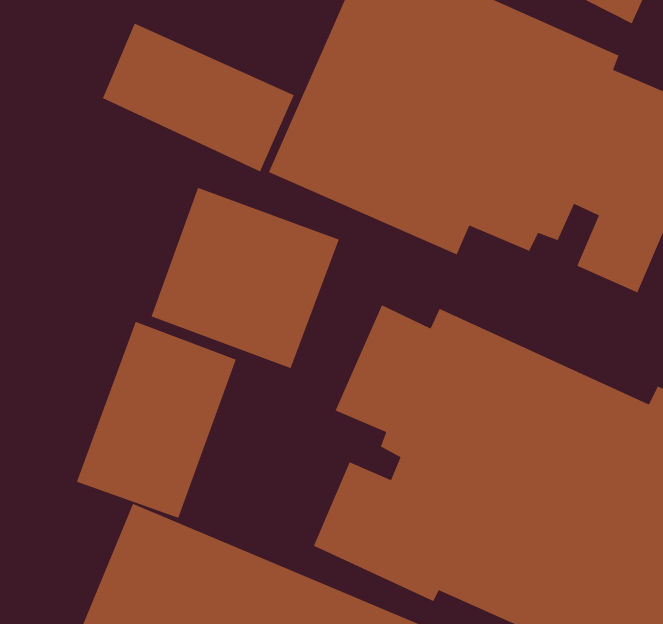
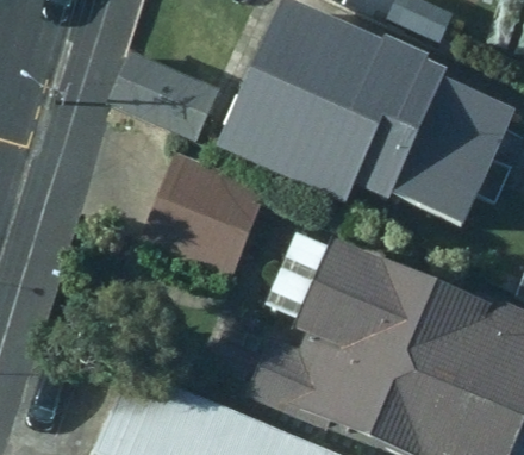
building: [76,321,237,519] -> none

